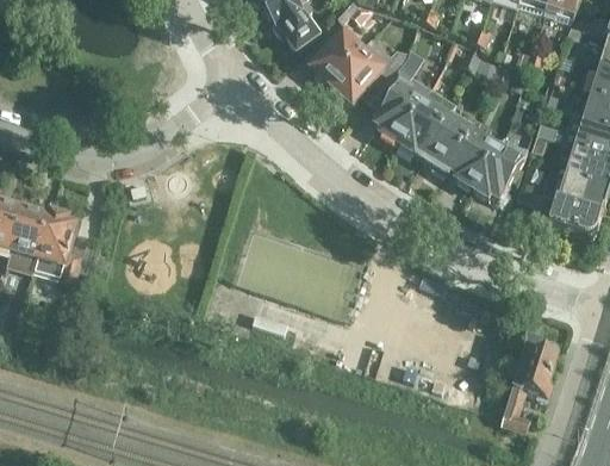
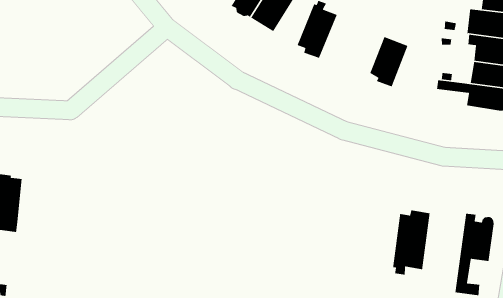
building: [397,95,474,170] -> none
building: [471,133,528,198] -> none
building: [36,210,81,280] -> none
building: none -> [392,209,431,276]

